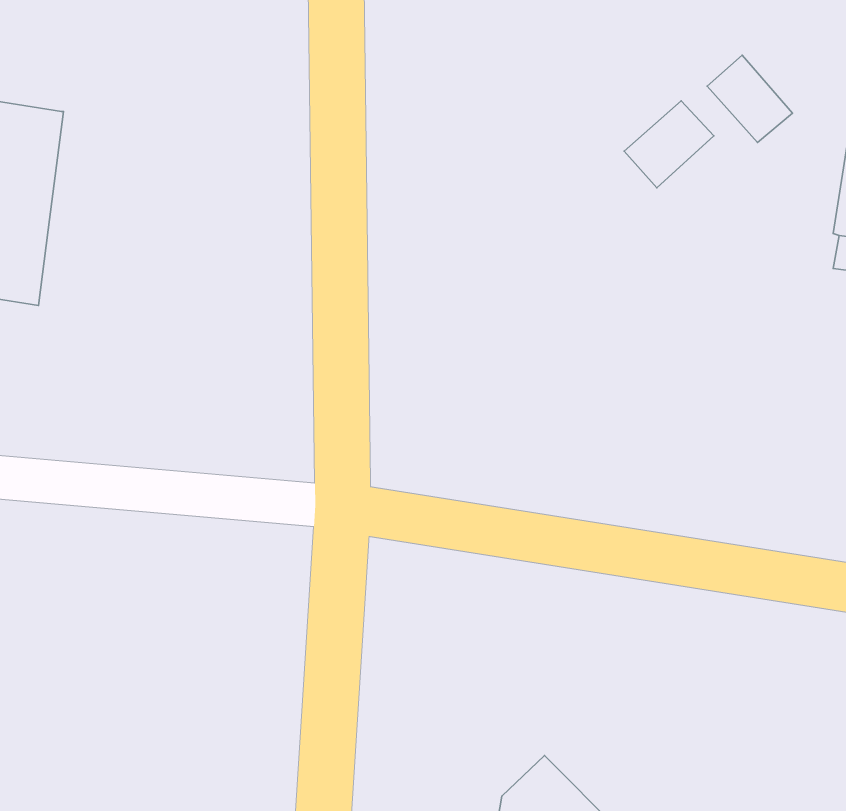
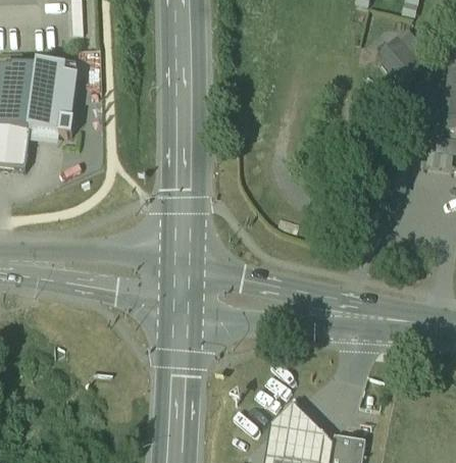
building: [624,101,714,188] -> none
building: none -> [32,60,78,133]

